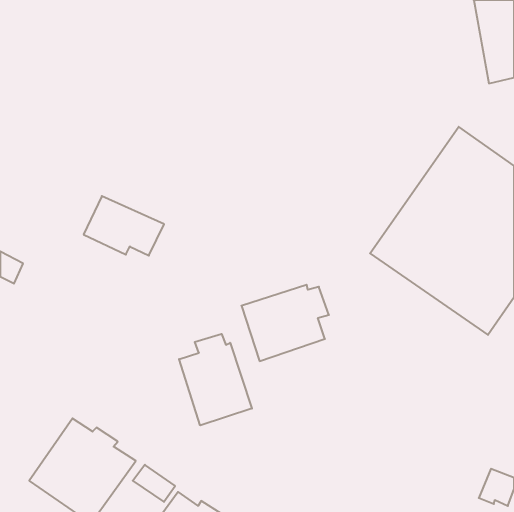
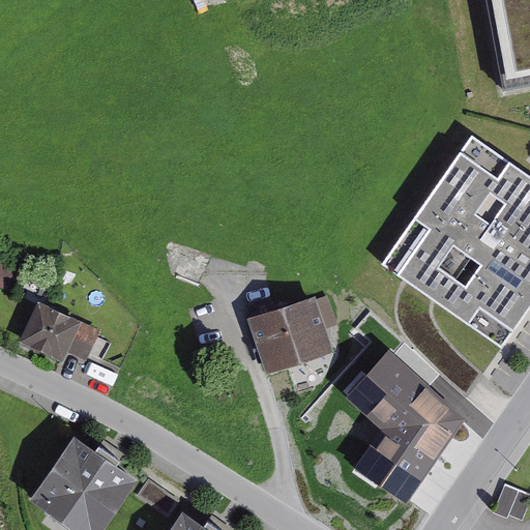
building: [84,196,164,256] -> [20,301,102,362]
building: [179,334,252,425] -> none
building: none -> [346,354,466,506]

